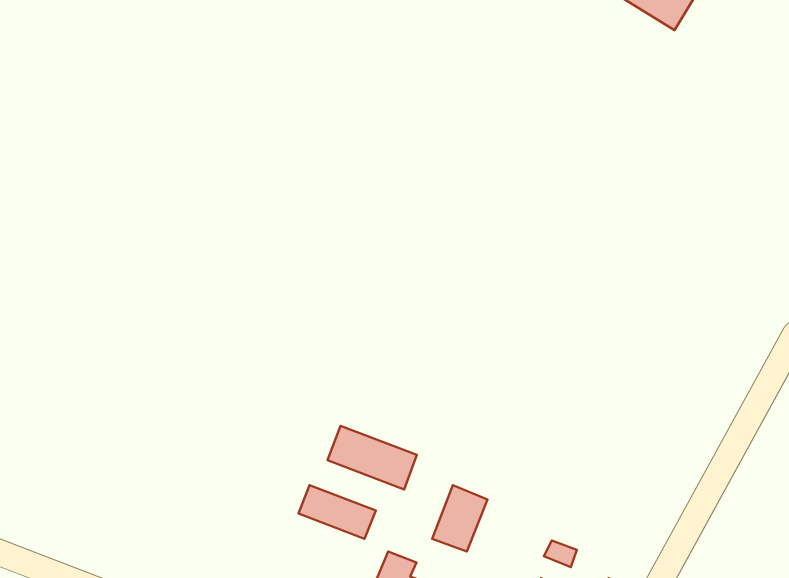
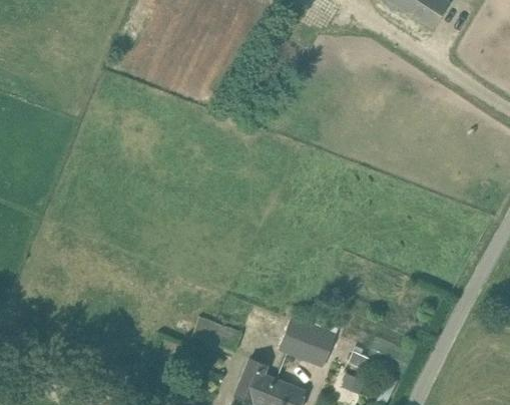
building: [328,426,417,489] -> none
building: none -> [300,325,336,367]

